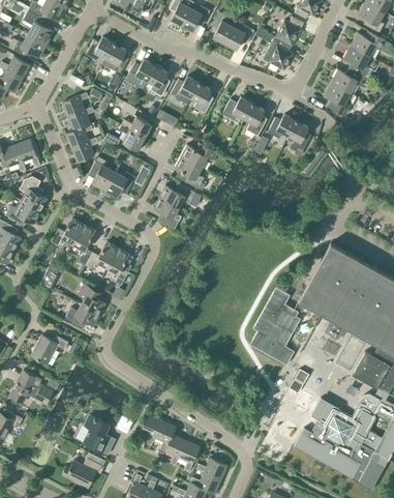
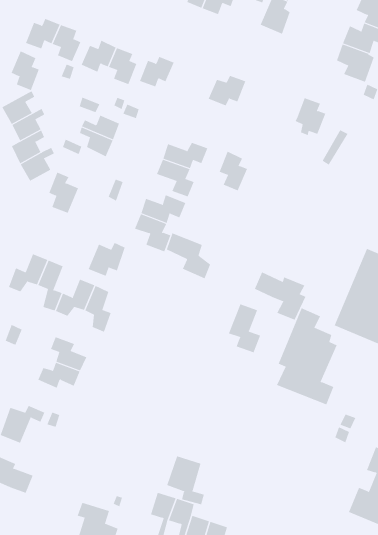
building: none -> [11,51,39,91]
building: [190,83,213,113] -> none
building: [244,104,267,136] -> [219,151,248,191]
building: [268,115,296,139] -> none
building: [103,172,134,198] -> [88,242,126,276]
building: none -> [166,233,211,279]
building: none -> [254,272,306,320]
building: none -> [228,304,261,353]
building: none -> [167,455,205,505]

